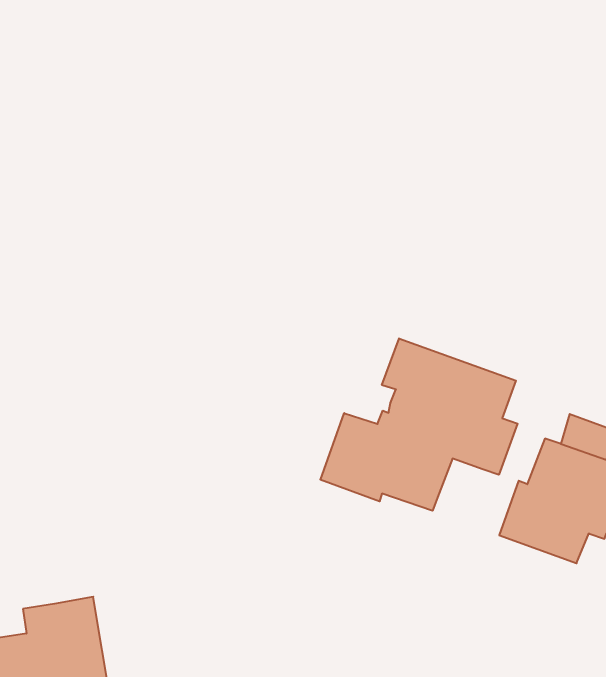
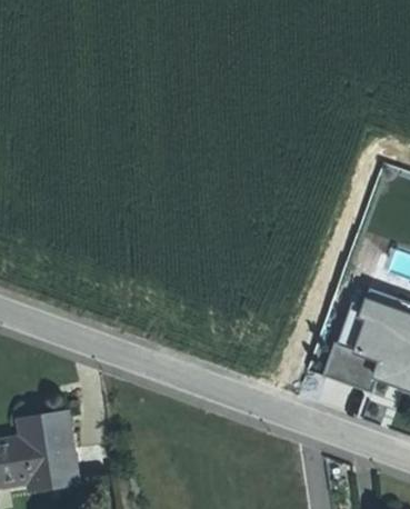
building: [320,338,518,511] -> none

